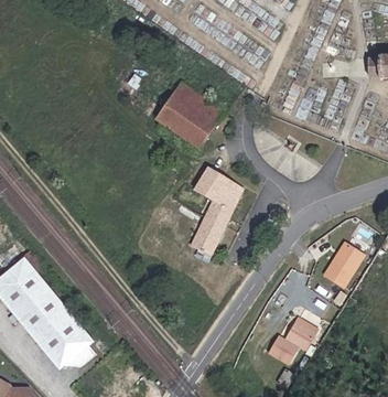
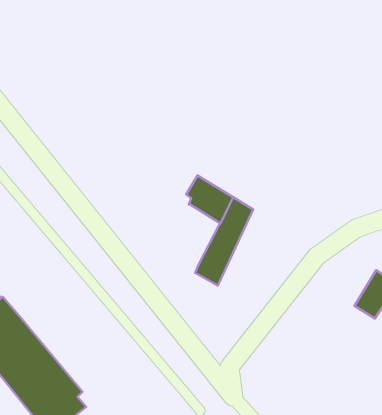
building: [157,83,223,149] -> none
building: [272,319,316,357] -> none

